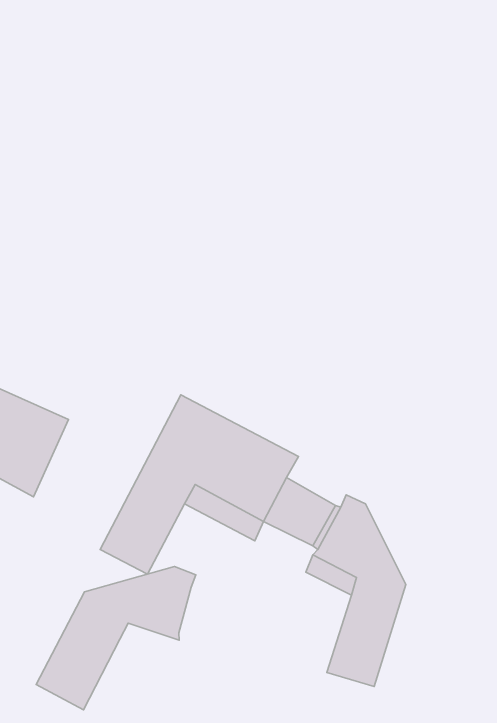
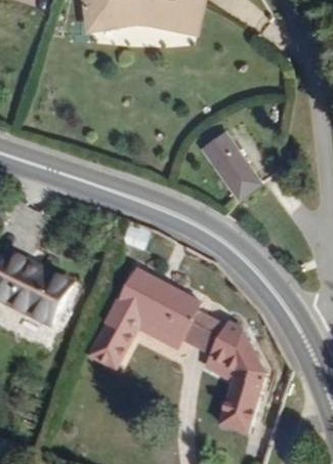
building: none -> [197,120,262,196]
building: [36,567,196,710] -> none

